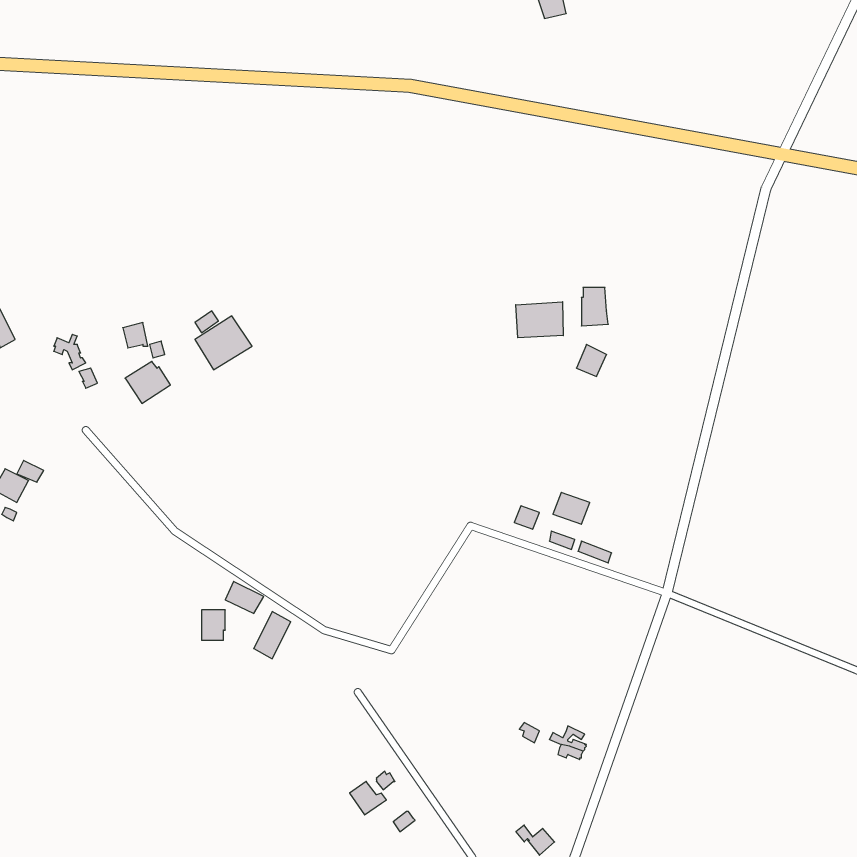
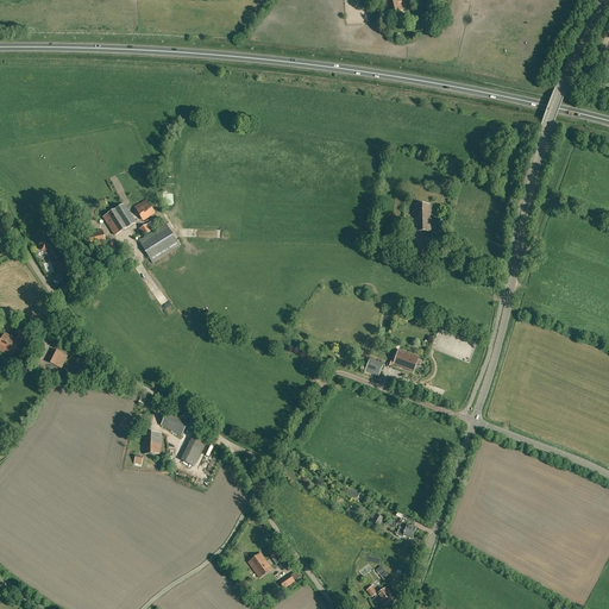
building: [516,302,563,338] -> none
building: [125,361,170,403] -> [102,205,134,234]

